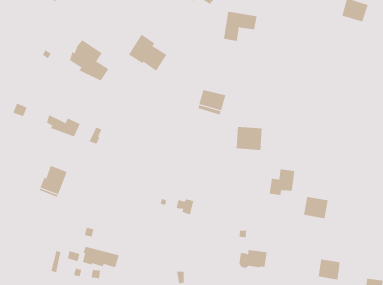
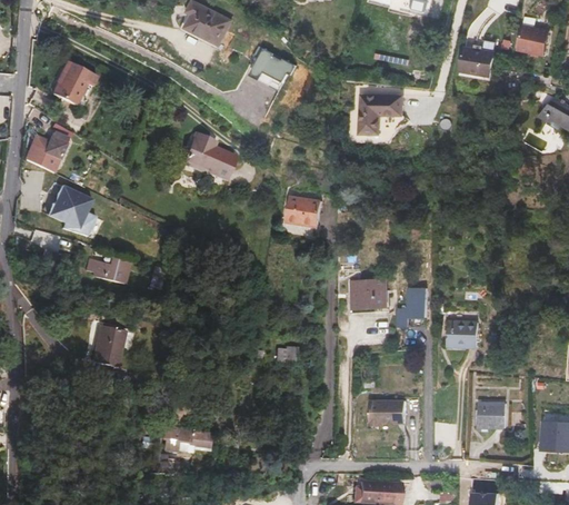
building: [223,11,258,42] -> [361,93,403,132]
building: none -> [23,131,64,170]
building: [69,40,109,81] -> [46,184,101,236]
building: [236,126,263,150] -> [351,276,388,308]

